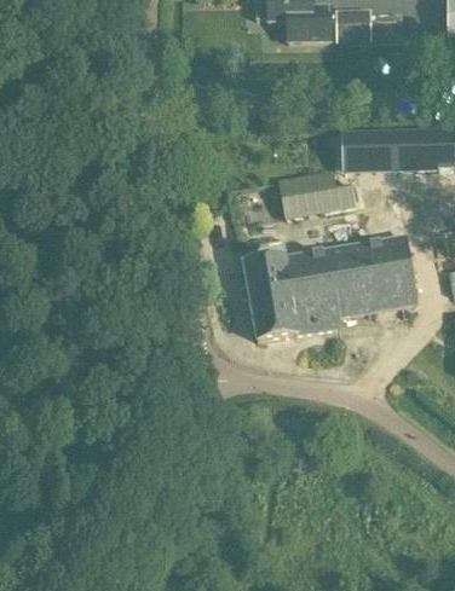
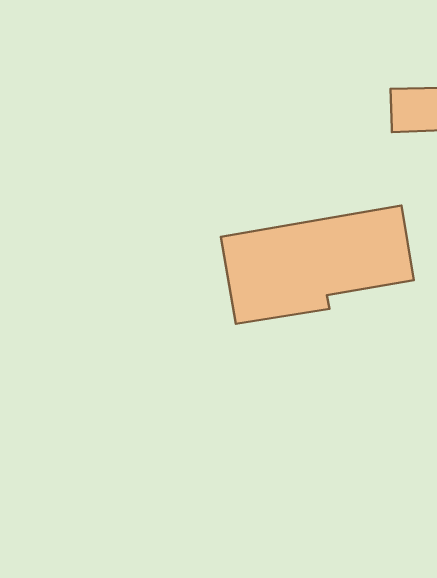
building: [342,131,396,167] -> none
building: [278,169,355,216] -> none

